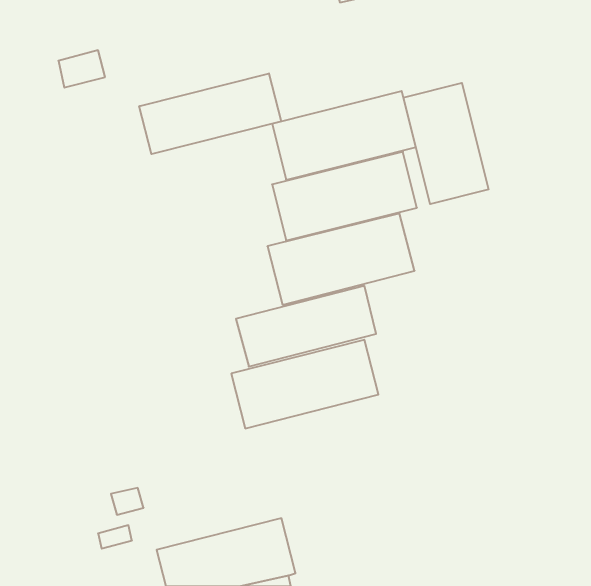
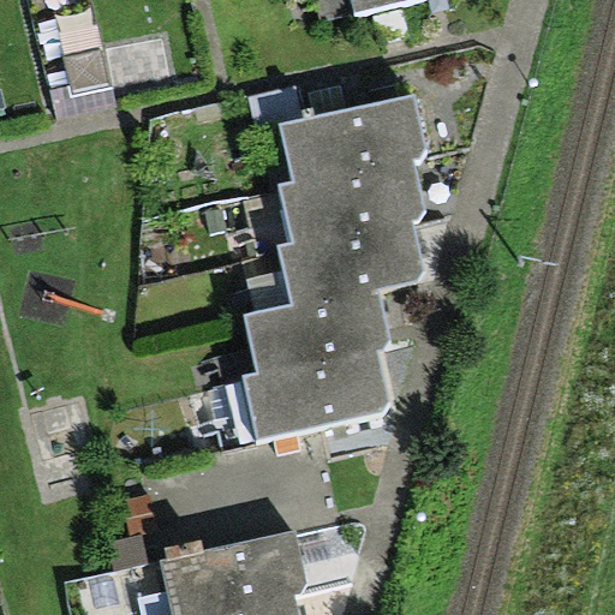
building: [139,73,281,154] -> none
building: [403,83,489,204] -> none

